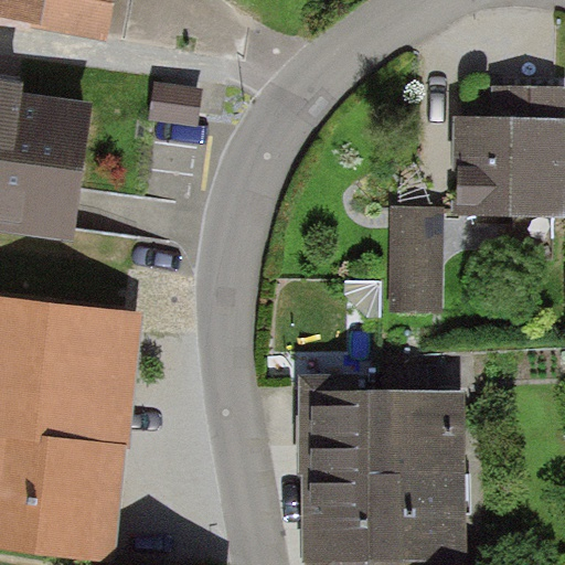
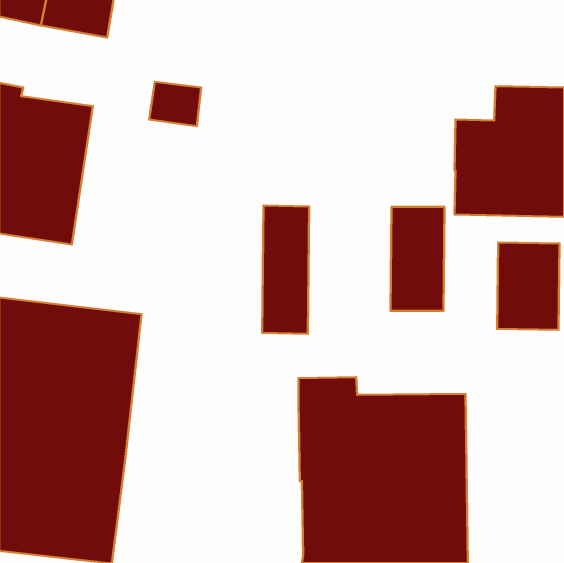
building: none -> [262,205,309,334]
building: none -> [497,242,560,330]

